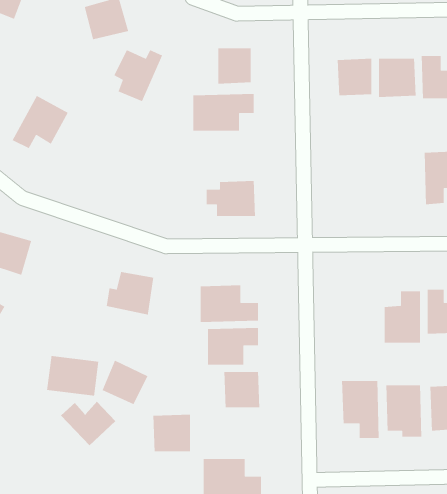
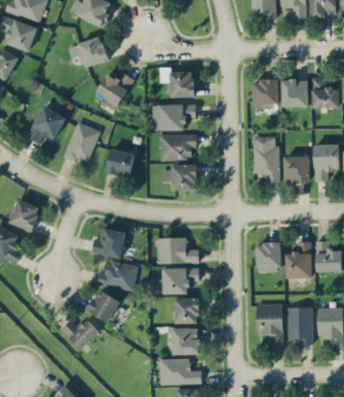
building: none -> [64,121,100,164]
building: none -> [159,133,196,160]
building: none -> [253,136,279,182]
building: none -> [105,148,135,176]
building: none -> [283,156,308,181]
building: none -> [256,242,281,271]
building: [46,355,99,396] -> [100,261,137,289]
building: [153,414,191,452] -> [171,327,198,354]

